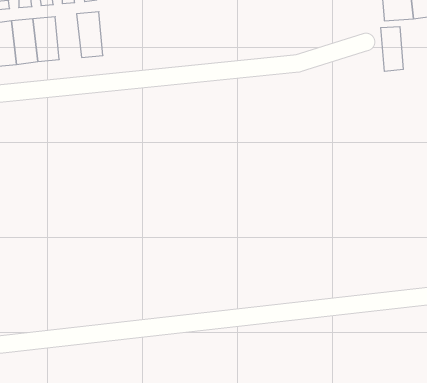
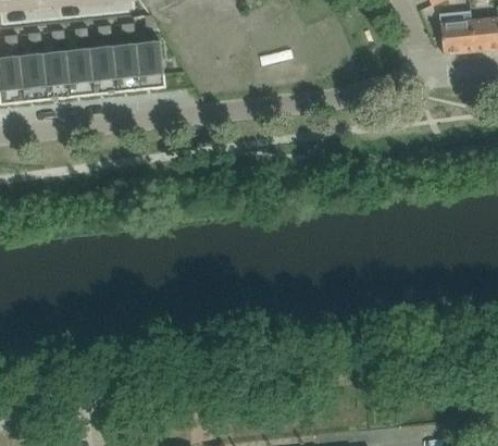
building: none -> [137,41,165,90]
building: none -> [90,46,119,95]
building: [381,27,403,71] -> none

